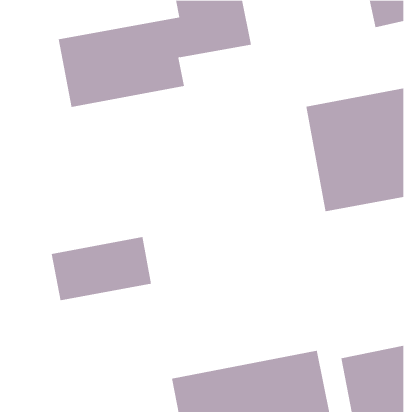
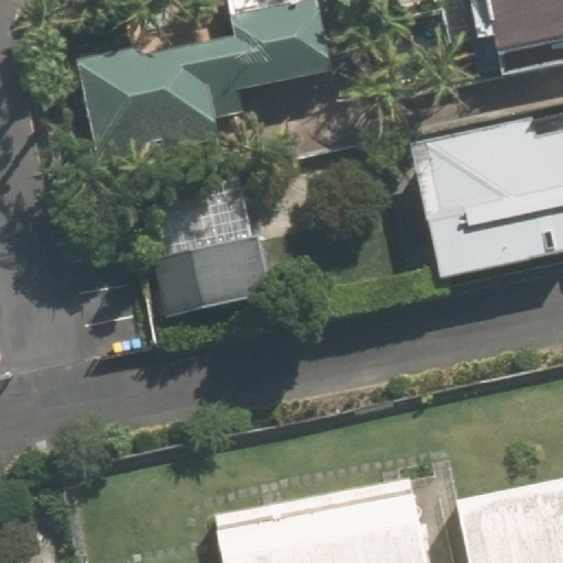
building: [51,237,152,301] -> [144,227,280,313]

